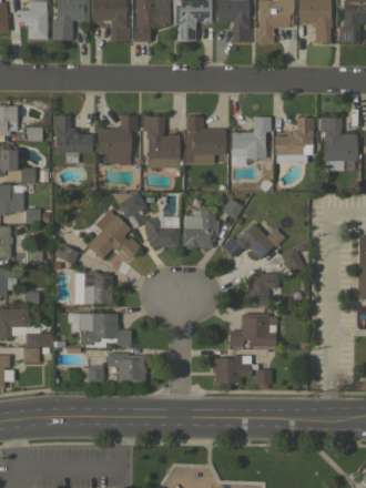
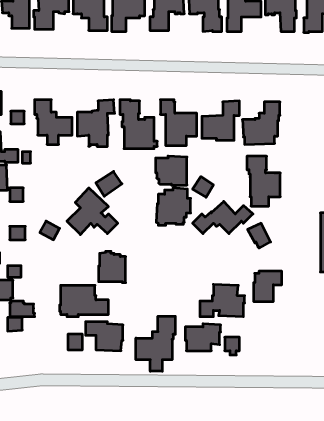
building: [321,116,356,170] -> [247,156,280,206]
building: [145,215,179,246] -> [156,156,187,185]
building: [82,270,111,303] -> [99,251,126,283]
building: [247,273,277,305] -> [254,271,282,301]
building: none -> [136,316,175,371]

